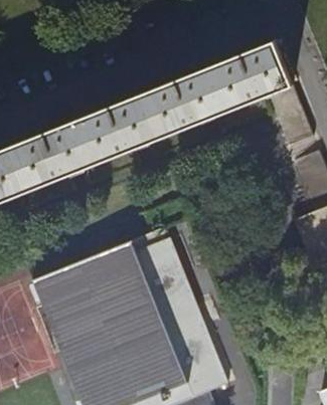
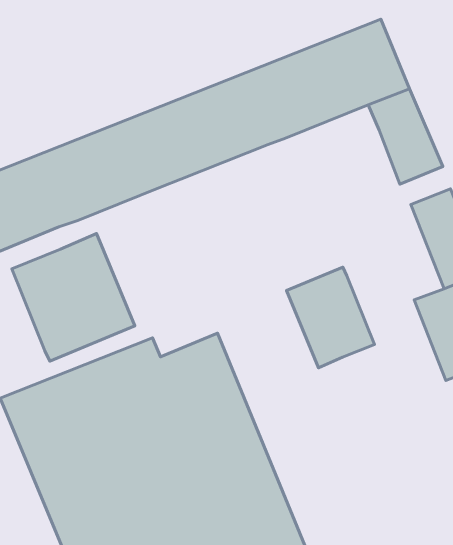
building: none -> [12,233,135,361]
building: none -> [287,267,375,368]

